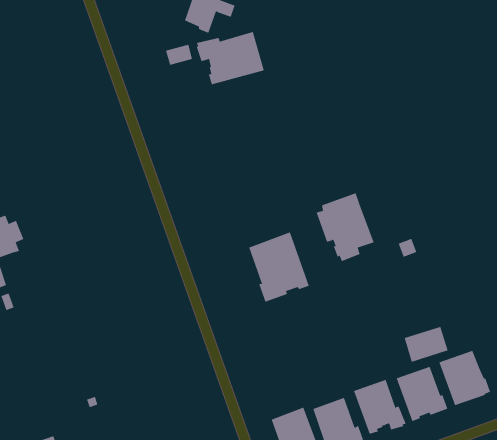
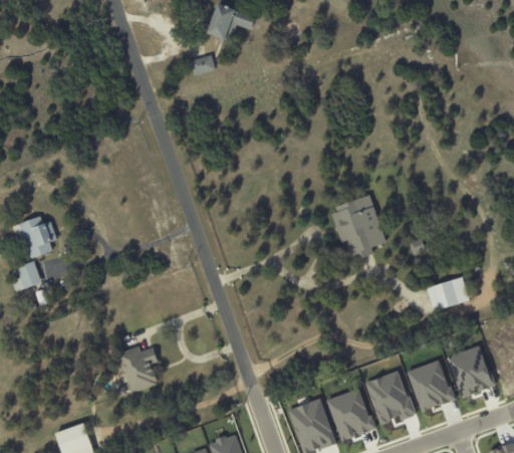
building: [196,31,264,85] -> none
building: [249,232,310,303] -> none
building: [404,326,449,362] -> [427,277,469,311]
building: none -> [117,347,158,394]

